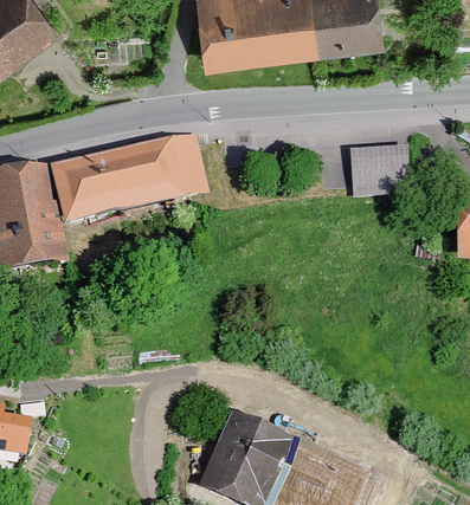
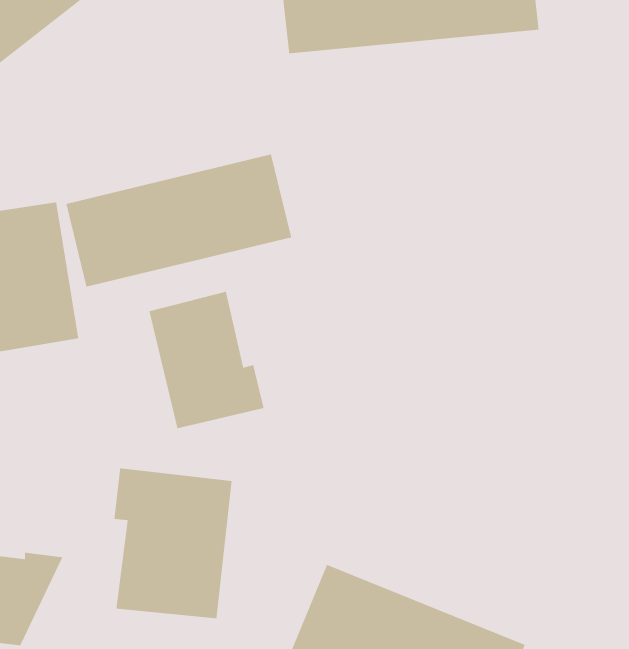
building: [349,145,411,194] -> none
building: none -> [148,291,264,429]
building: none -> [114,467,233,619]

